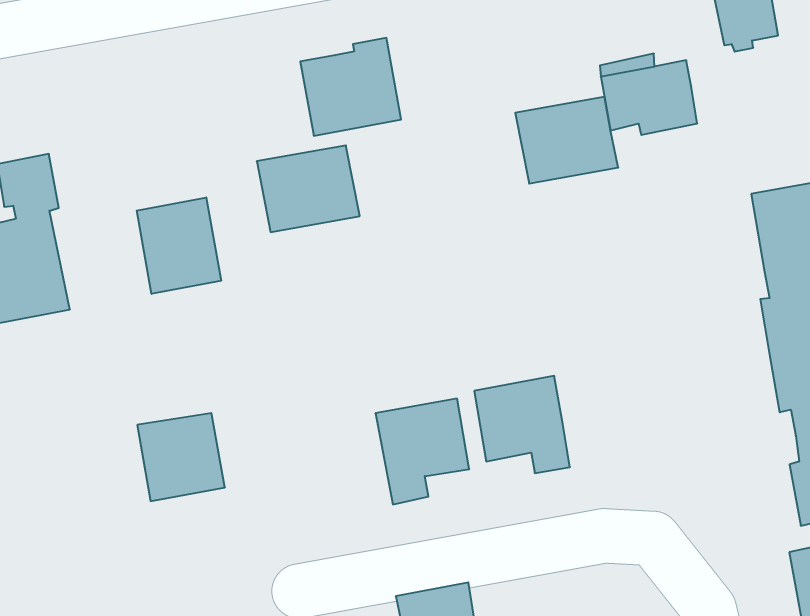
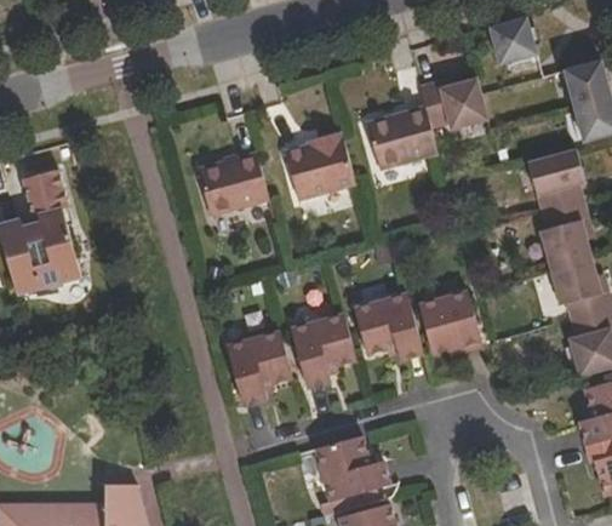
building: [300,38,401,136] -> [285,131,355,200]
building: [137,197,221,294] -> none
building: none -> [416,286,475,355]
building: [137,413,225,501] -> [234,342,296,404]

